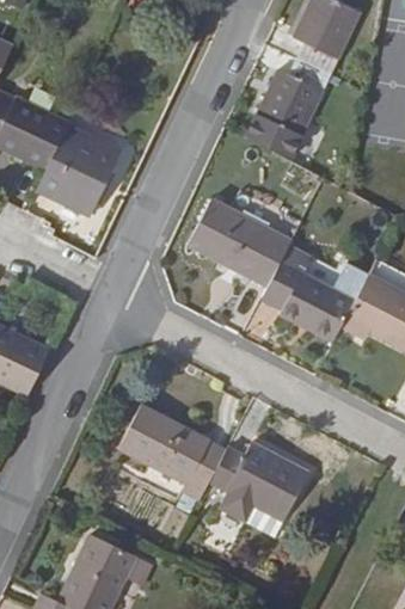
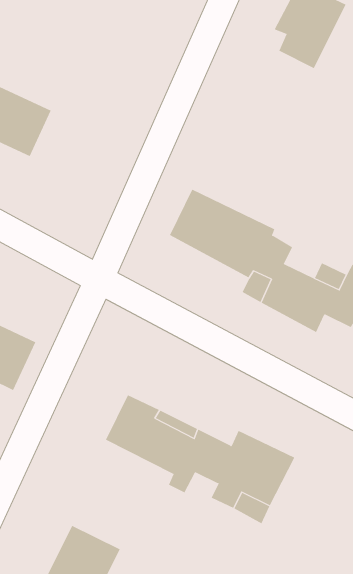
building: [243,61,331,159] -> none
building: [35,125,118,216] -> none

